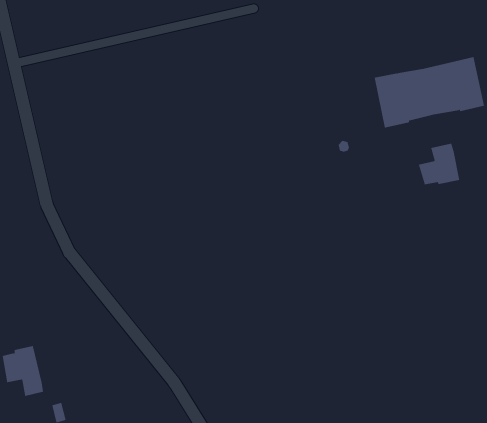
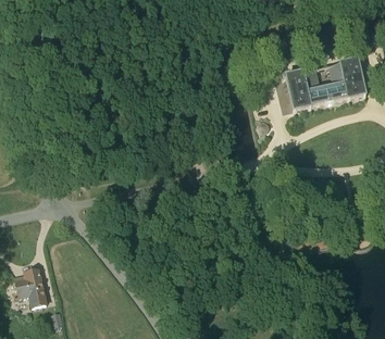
building: [418,143,460,185] -> none

